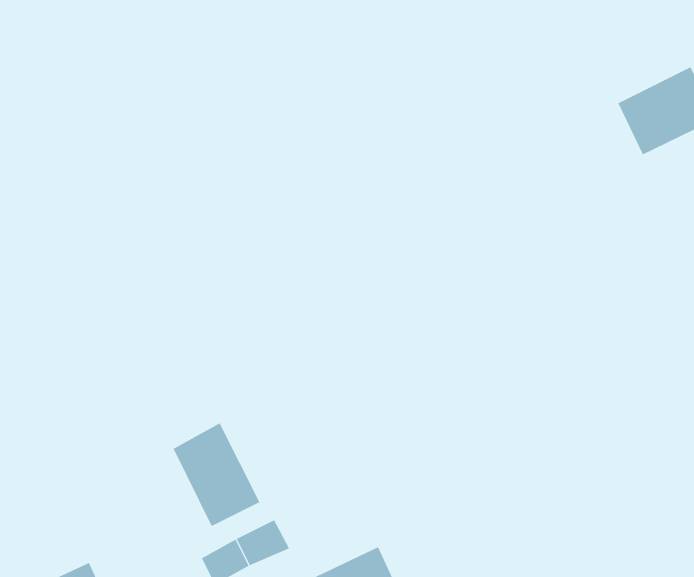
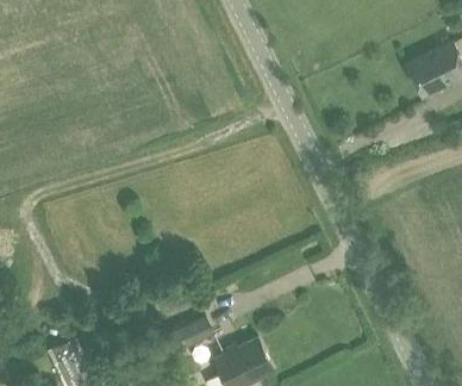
building: [173,423,260,527] -> none

